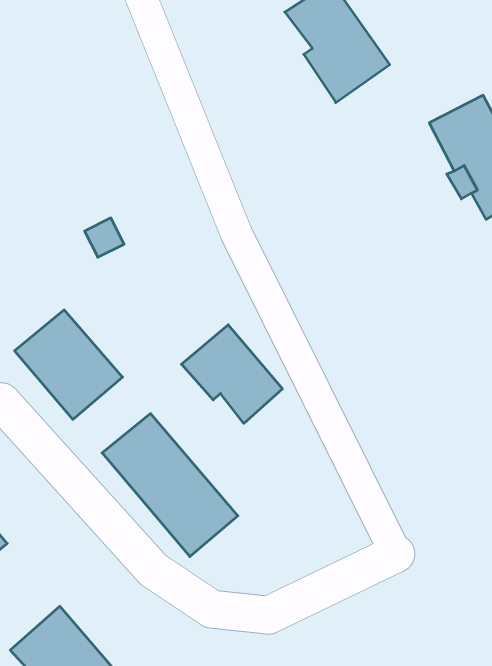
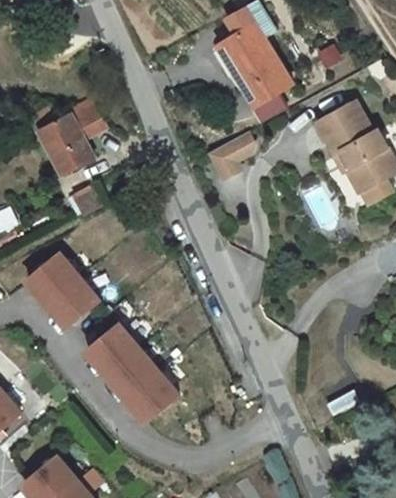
building: none -> [51,104,116,178]
building: none -> [203,134,247,180]
building: [181,325,282,423] -> none

